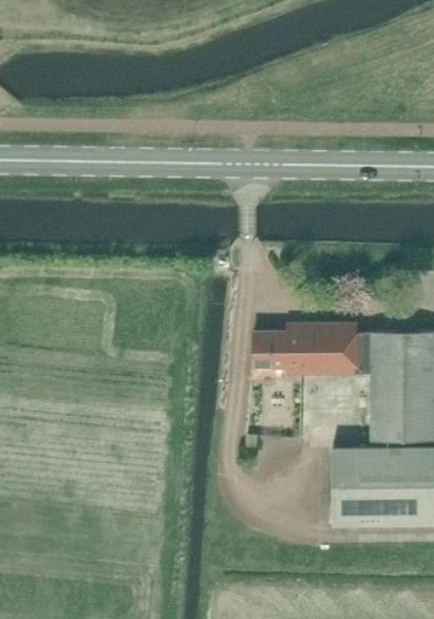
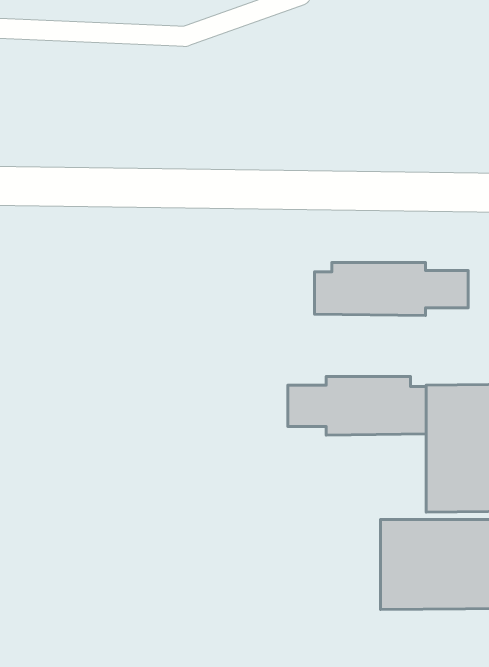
building: none -> [314,263,468,315]

